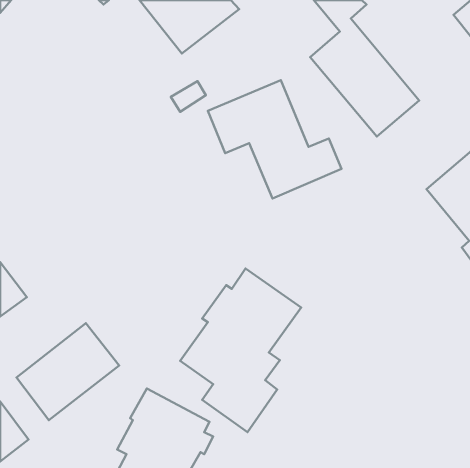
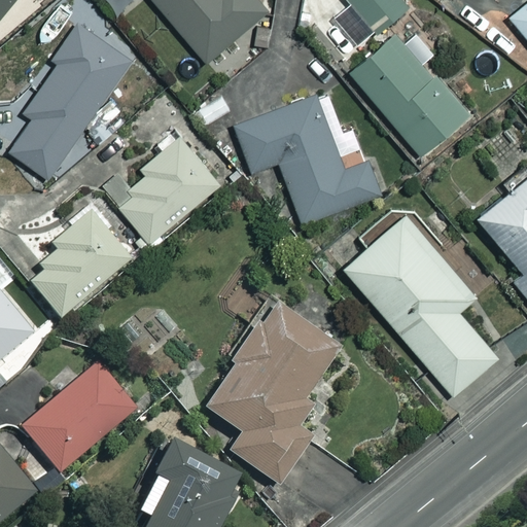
building: none -> [11,24,133,178]
building: none -> [104,137,221,243]
building: none -> [30,194,130,318]
building: none -> [344,214,500,394]

